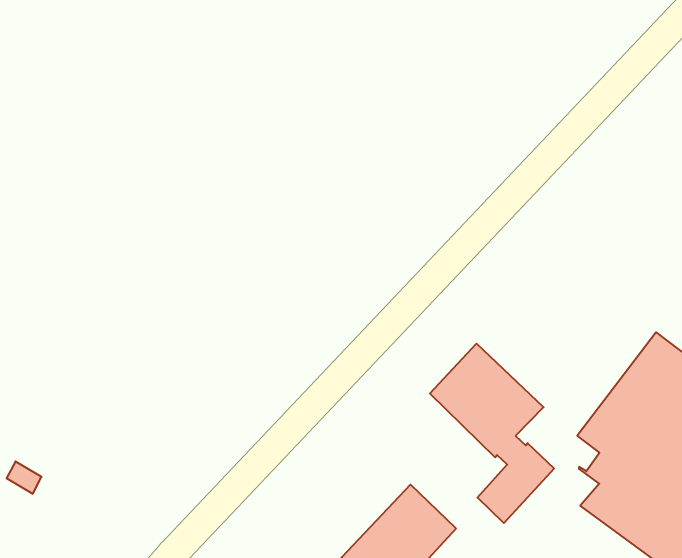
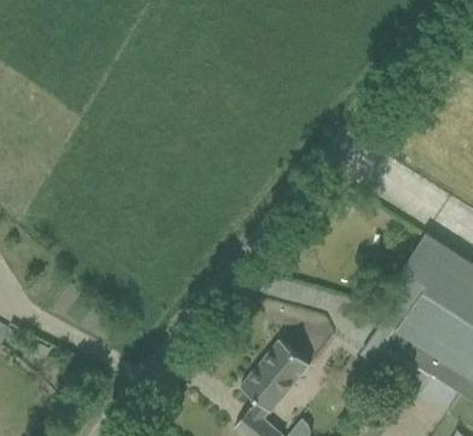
building: [430,344,554,523] -> none

